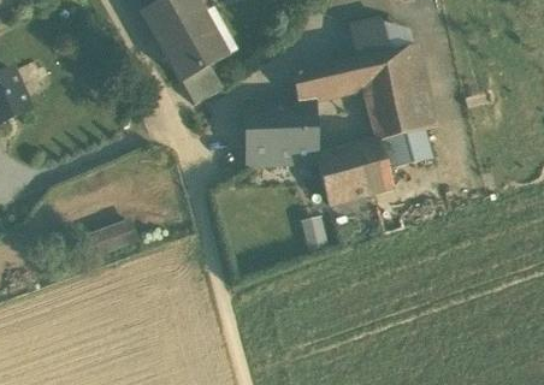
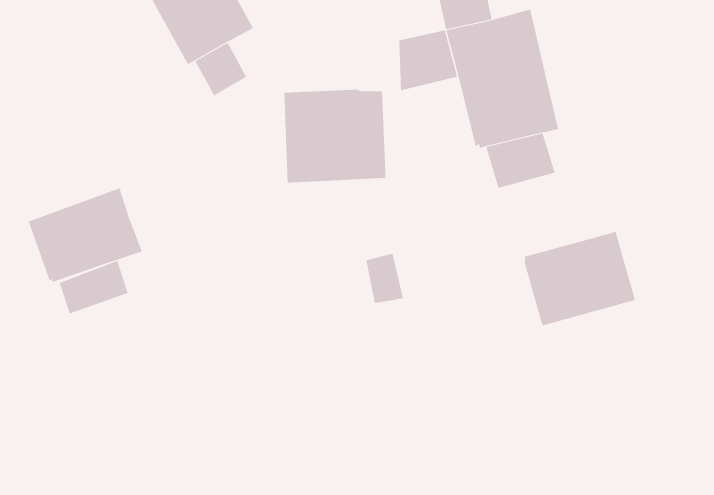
building: [291,65,325,100] -> none
building: [315,137,392,203] -> [524,230,636,326]
building: none -> [28,188,142,283]

